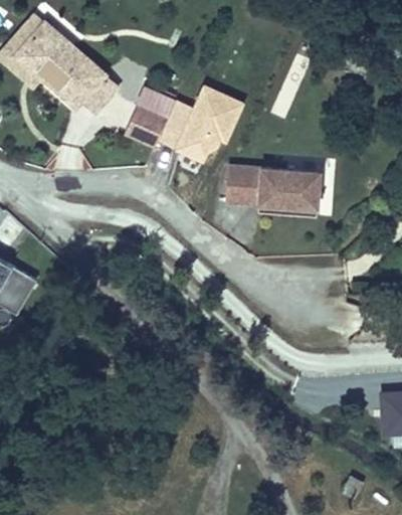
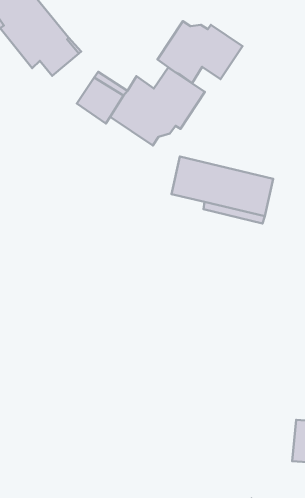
building: none -> [158,21,243,83]

